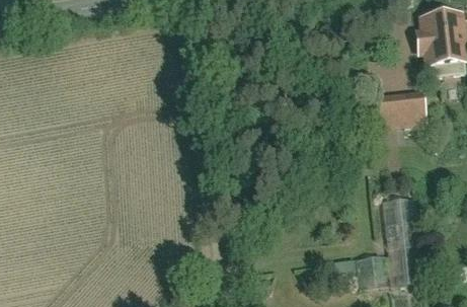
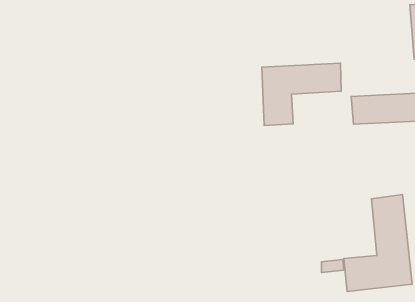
building: none -> [262,63,341,126]

